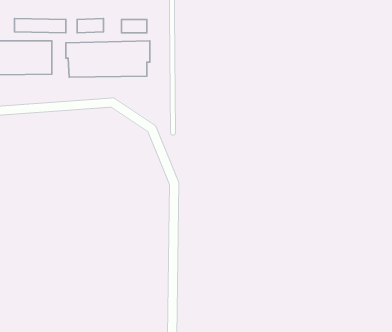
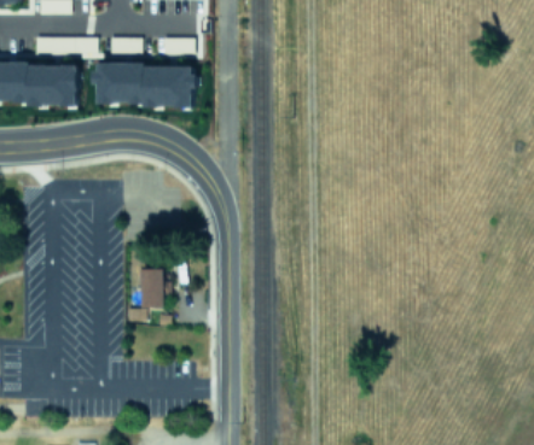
building: none -> [140,269,162,308]

